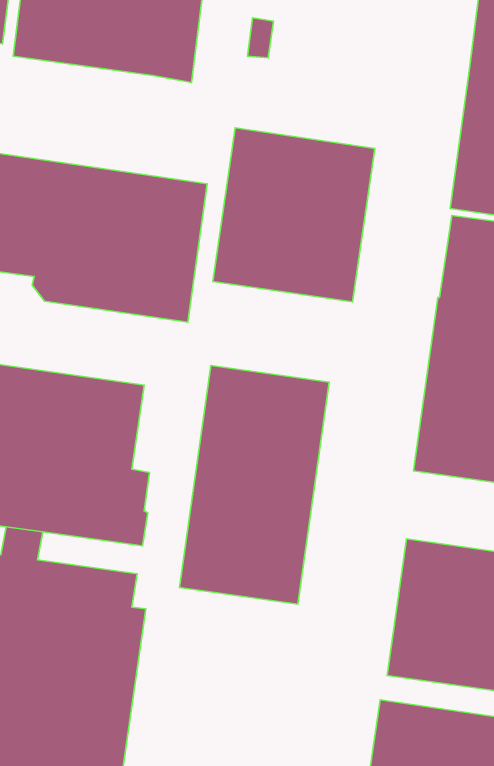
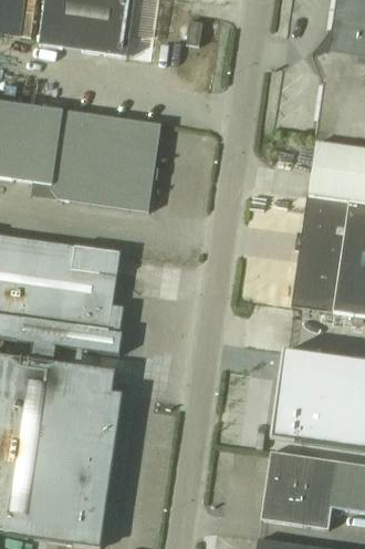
building: [213,128,375,302] -> none
building: [180,365,329,604] -> none

